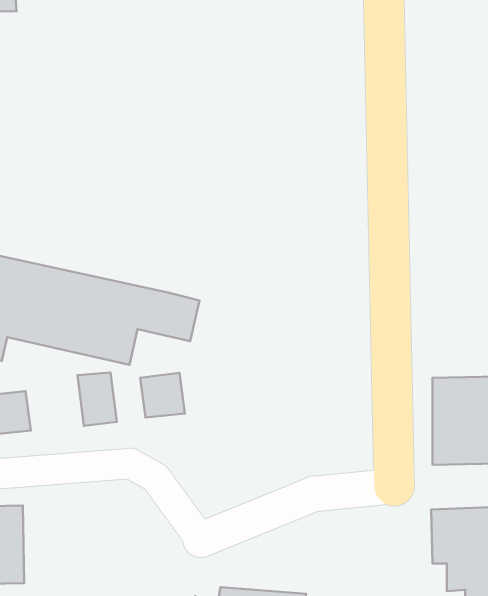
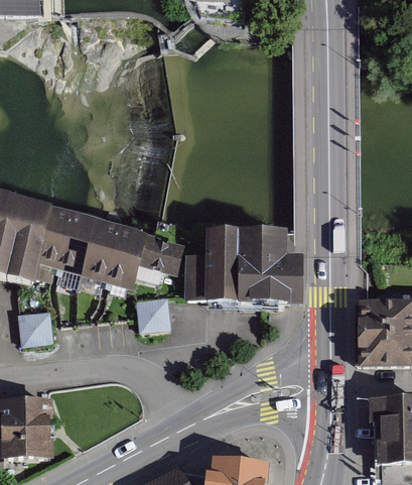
building: none -> [185,229,294,300]
building: [77,373,117,426] -> none

